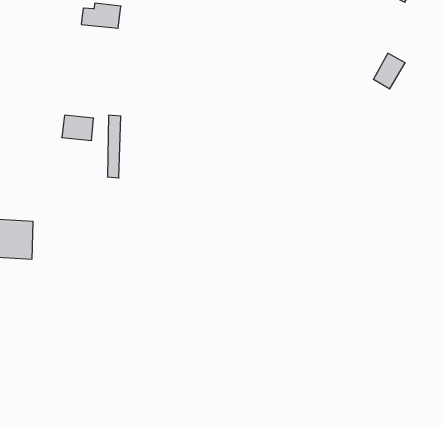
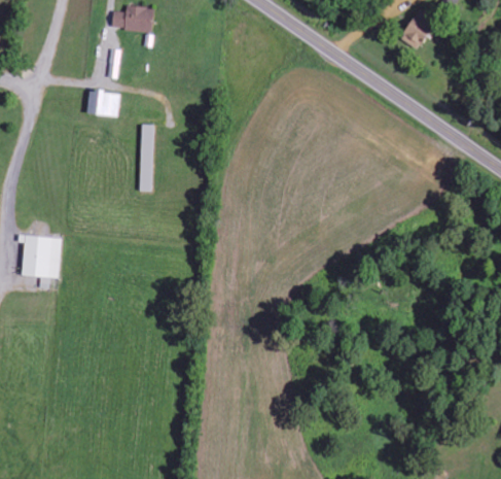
building: [373,53,405,89] -> [401,11,435,49]
building: [62,115,94,140] -> [86,91,120,117]

